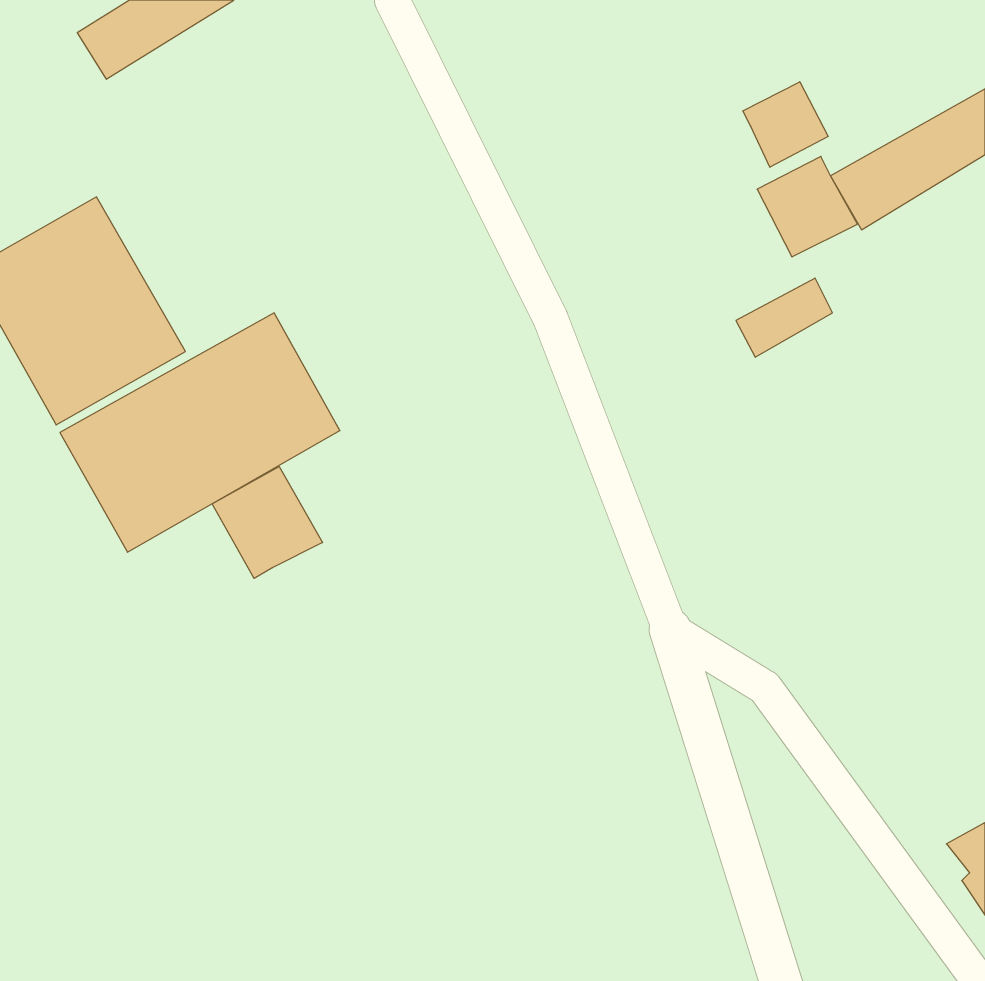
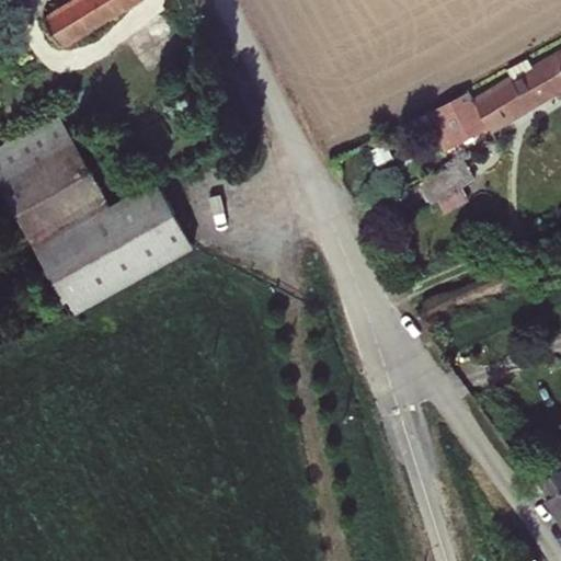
building: [743,82,828,167] -> none
building: [212,466,323,578] -> none

